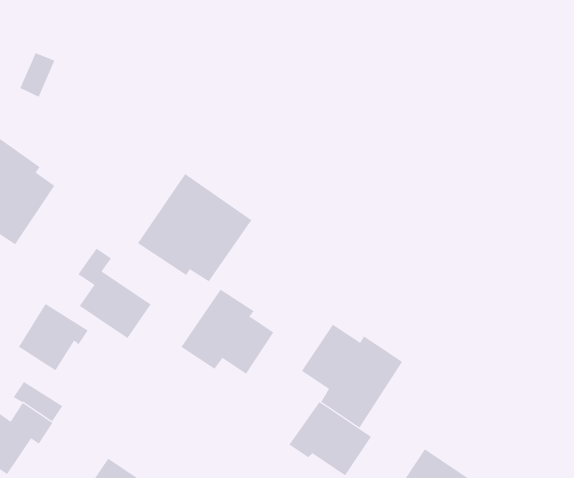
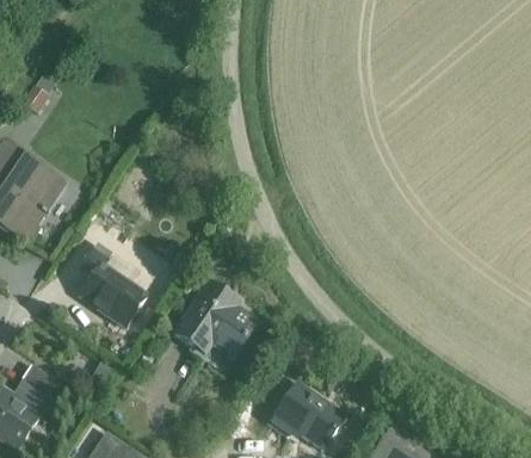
building: [137,173,252,282] -> none
building: [18,303,88,371] -> none
building: [301,324,403,428] -> none

